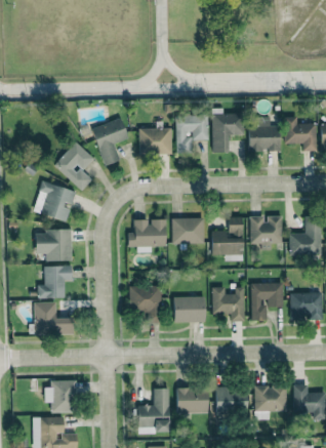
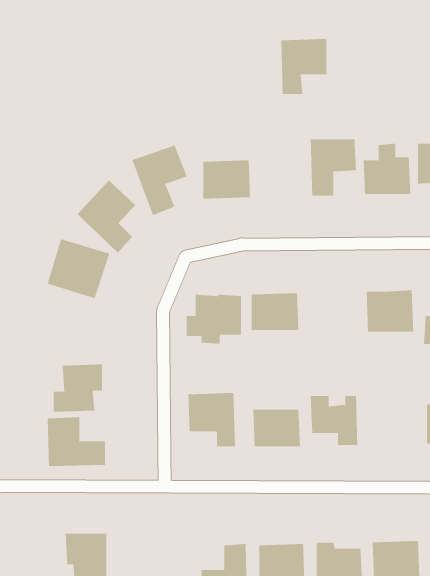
building: [176,115,208,153] -> [280,39,327,94]
building: [211,216,243,260] -> none
building: [36,230,72,260] -> none
building: [251,282,283,321] -> none

